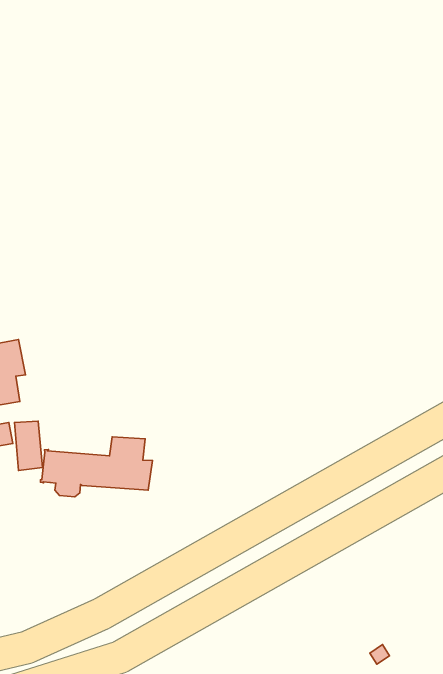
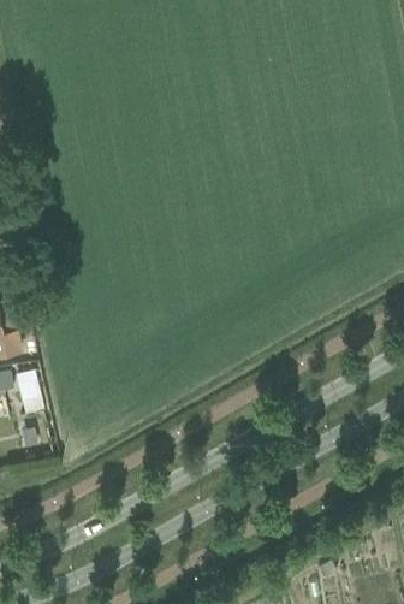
building: [40,437,153,497] -> none

